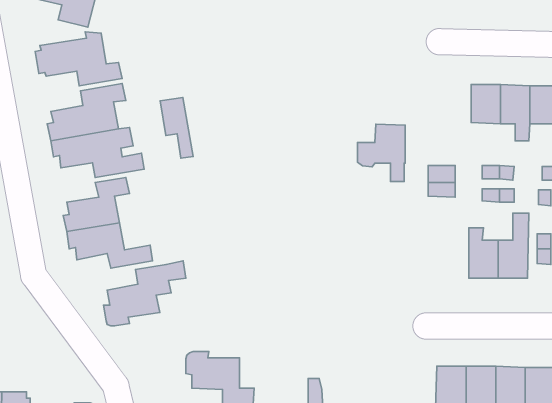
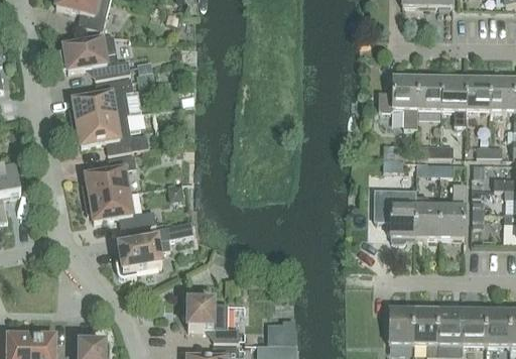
building: [160,97,193,158] -> none
building: [358,124,405,182] -> [379,76,418,123]
building: none -> [378,194,416,242]

